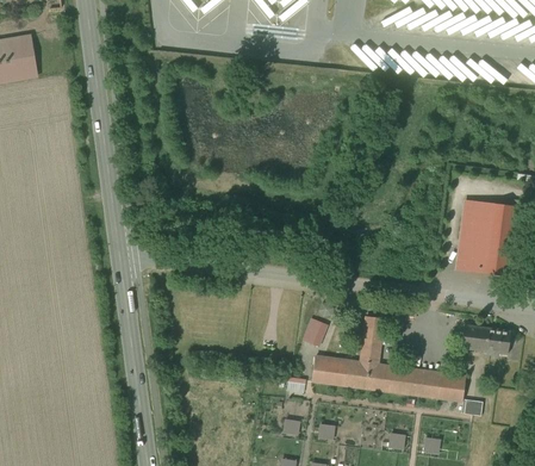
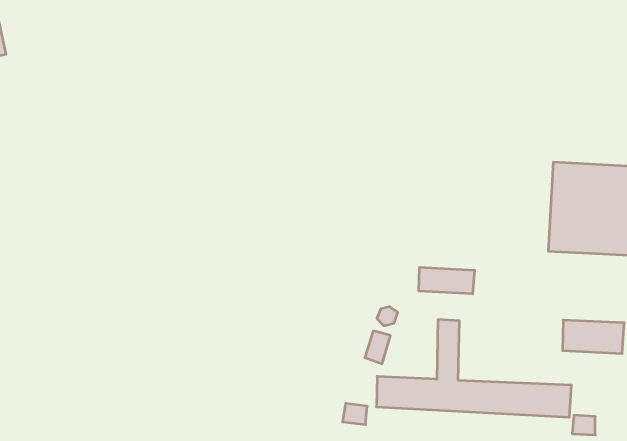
building: none -> [419,267,474,294]

